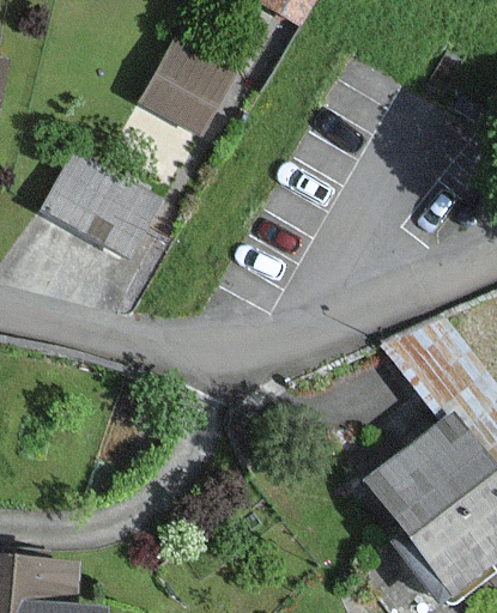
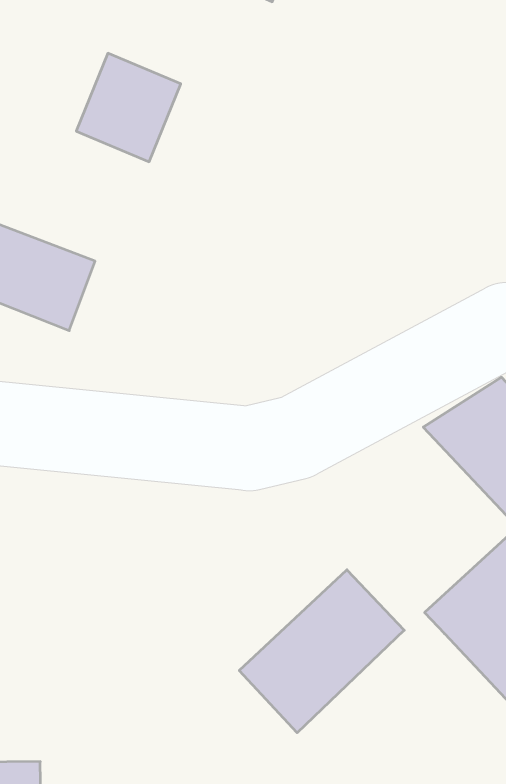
building: none -> [239,570,404,733]

